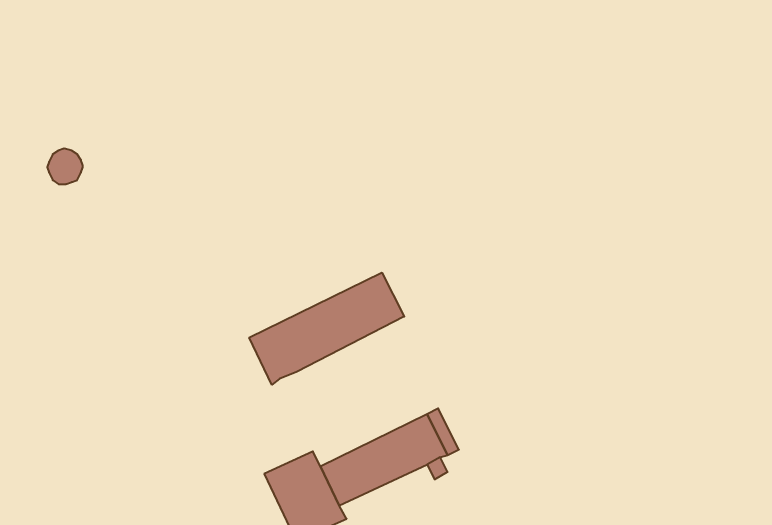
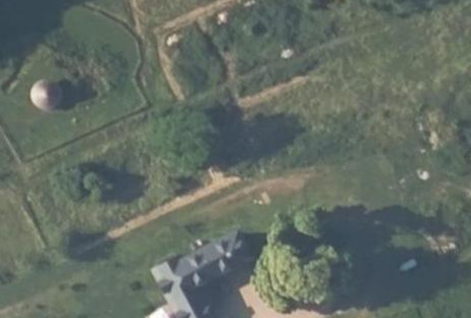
building: [249,273,404,385] -> none

